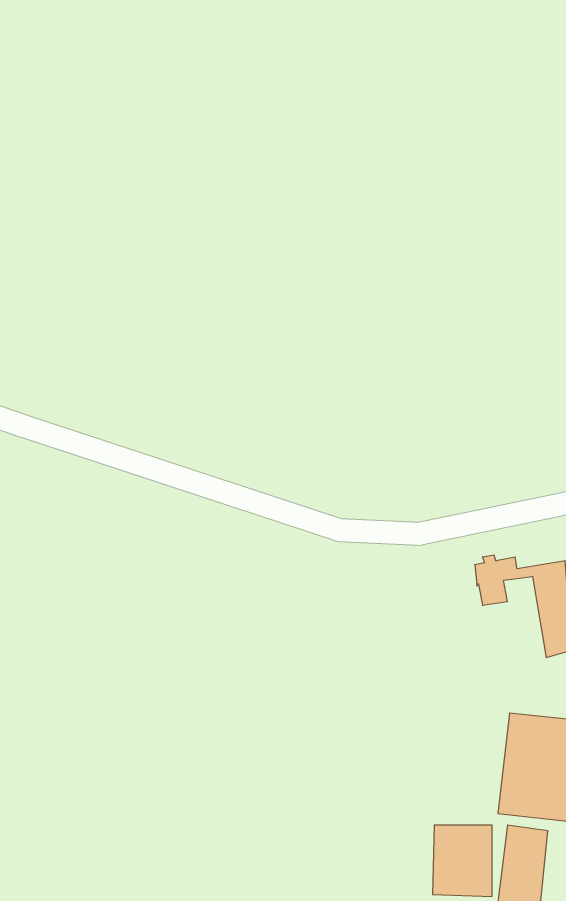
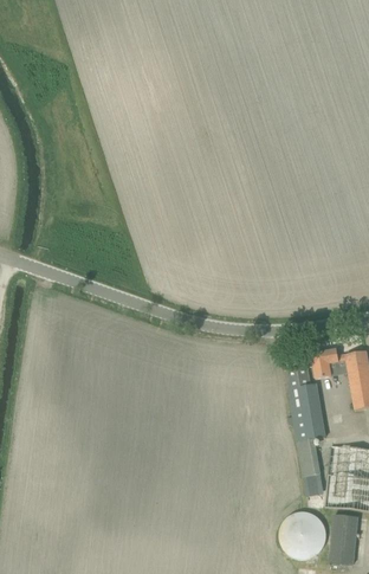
building: none -> [285,366,325,477]

